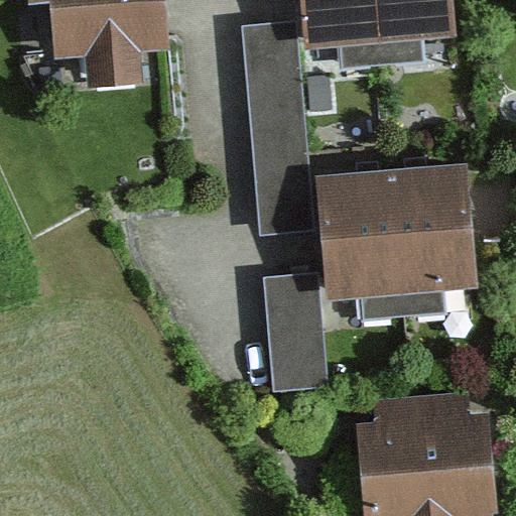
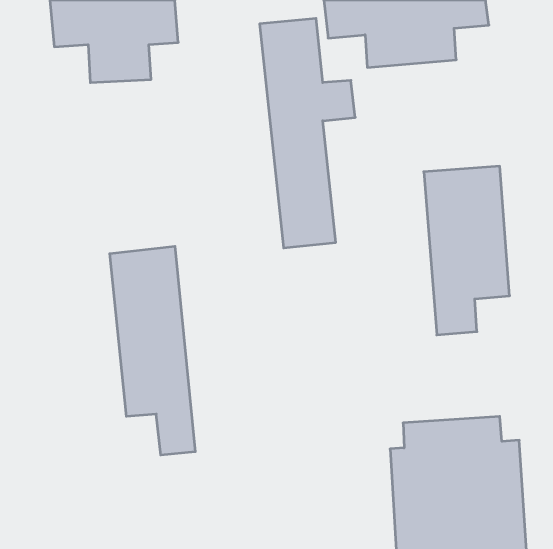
building: [317,165,405,319] -> none
building: none -> [110,246,195,455]
building: [263,274,328,391] -> none

